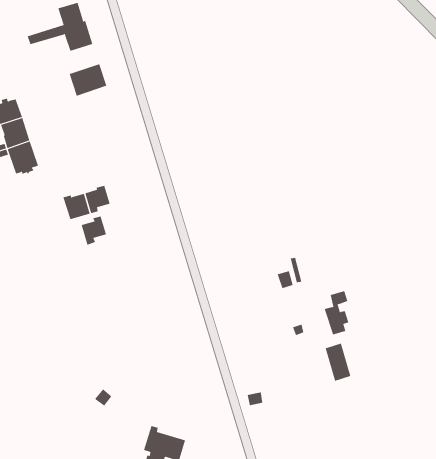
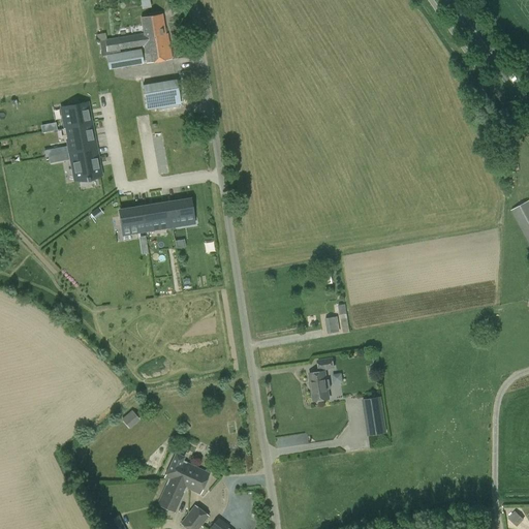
building: none -> [107,48,143,68]
building: [81,216,107,245] -> [168,197,193,225]
building: [324,291,349,335] -> [309,356,335,400]

